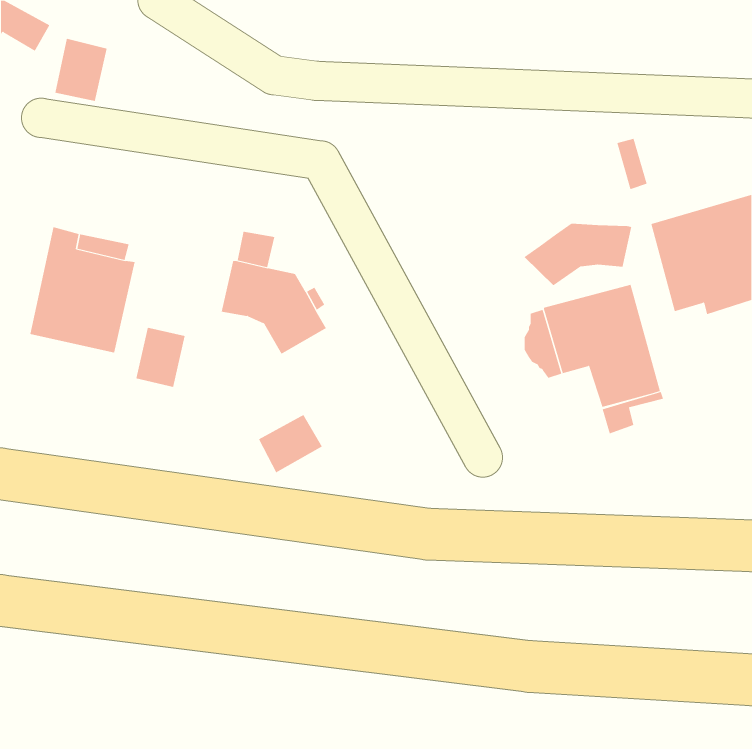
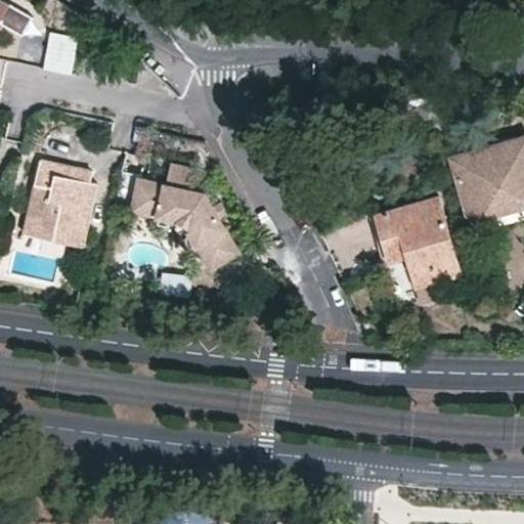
building: [523,223,632,286] -> none
building: [136,327,186,387] -> [127,177,162,219]
building: [258,414,323,473] -> [195,231,241,272]

